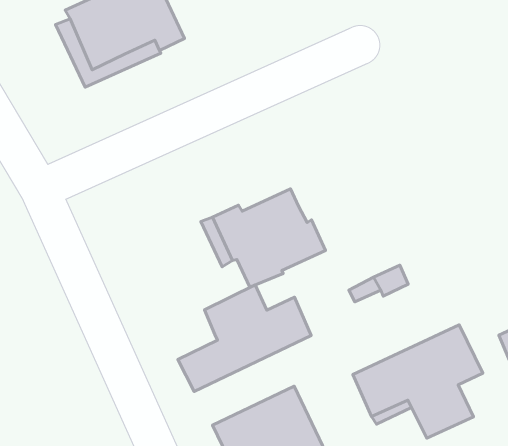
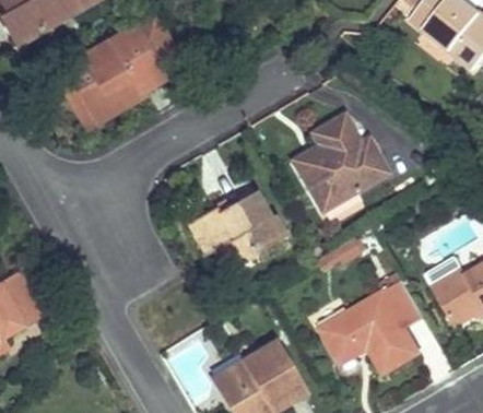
building: none -> [299,111,389,206]
building: [178,285,311,392] -> none

